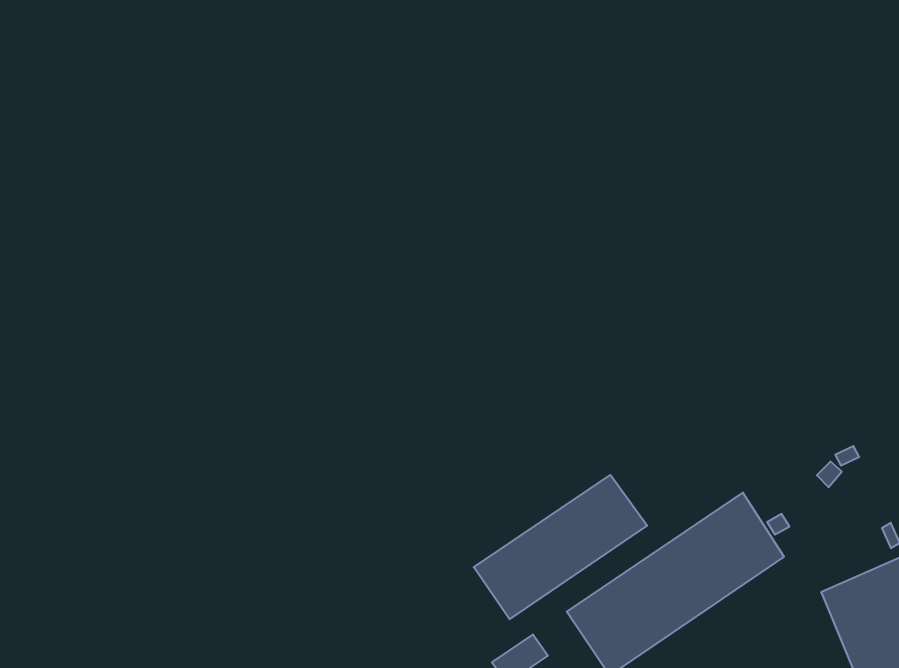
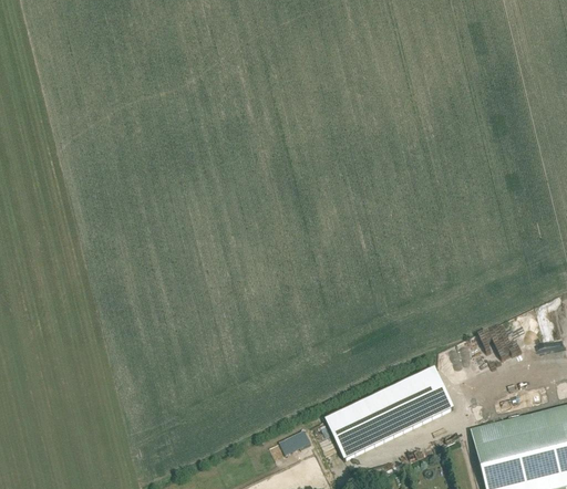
building: [474,475,647,619] -> none

